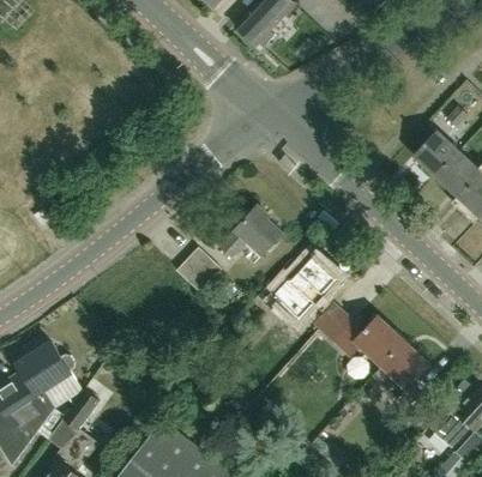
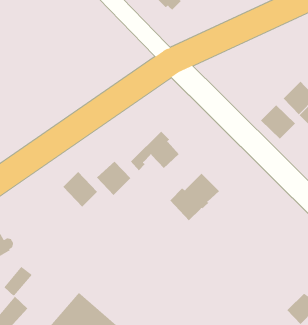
building: none -> [260,104,296,139]
building: none -> [63,171,98,208]
building: [314,304,429,407] -> none

